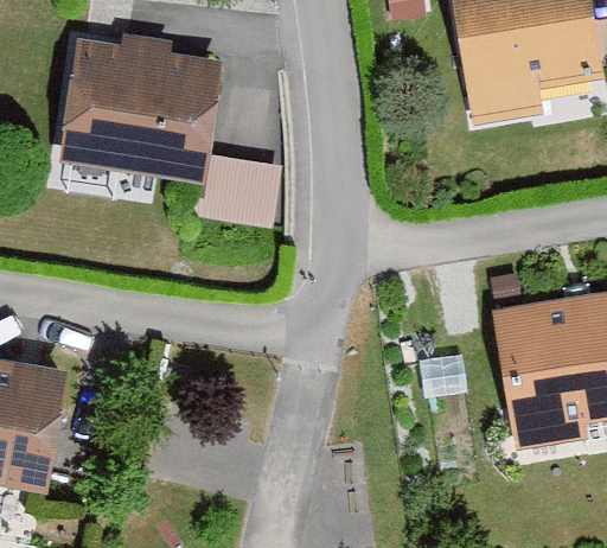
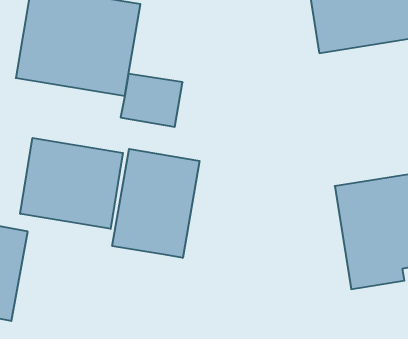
building: none -> [20,138,123,229]
building: none -> [112,149,200,258]

